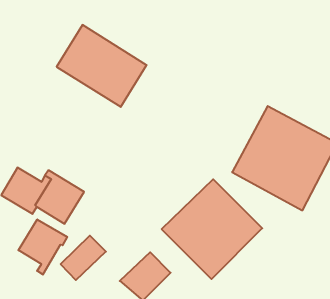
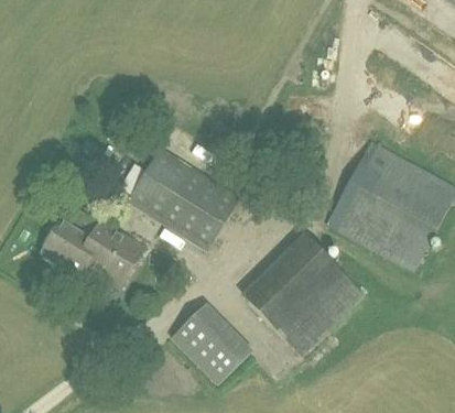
building: [57,25,147,107] -> [128,149,239,250]
building: [18,219,67,275] -> none
building: [61,236,106,280] -> [170,303,226,358]

